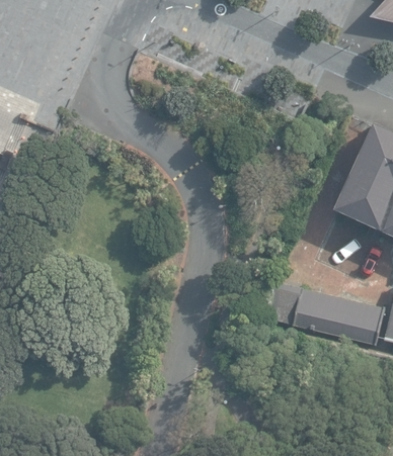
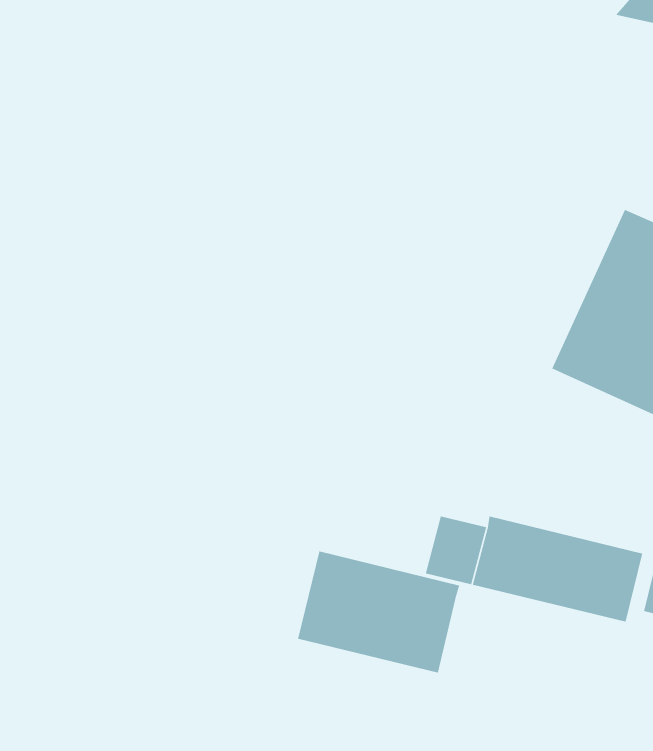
building: none -> [297,551,460,674]

